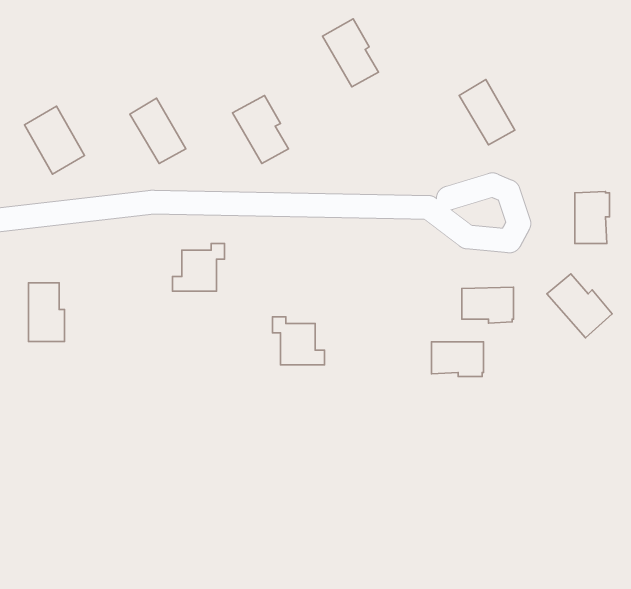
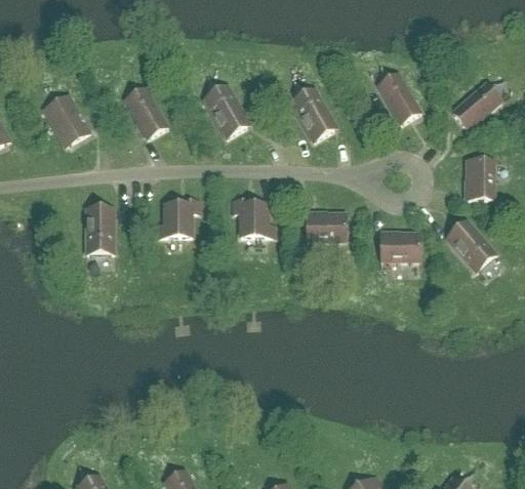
building: [322,19,378,87] -> [290,87,333,139]
building: none -> [451,81,500,128]
building: [29,283,65,342] -> [85,207,113,252]
building: [273,317,325,365] -> [234,198,274,235]
building: [431,342,483,377] -> [306,212,346,239]

